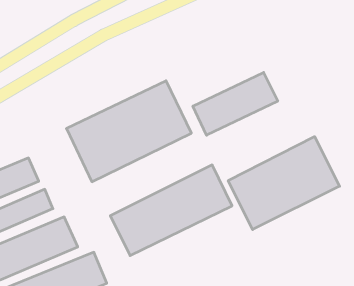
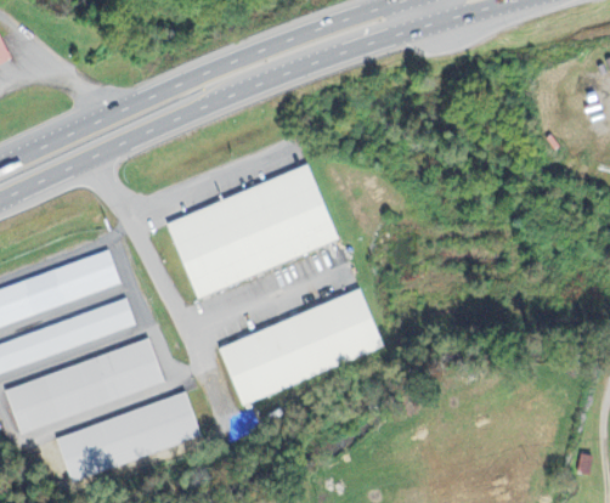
building: [193,72,278,135] -> none
building: [228,137,340,230] -> none

